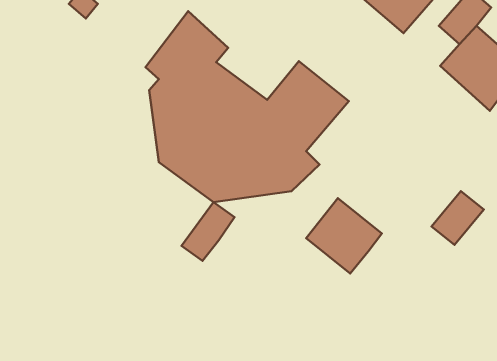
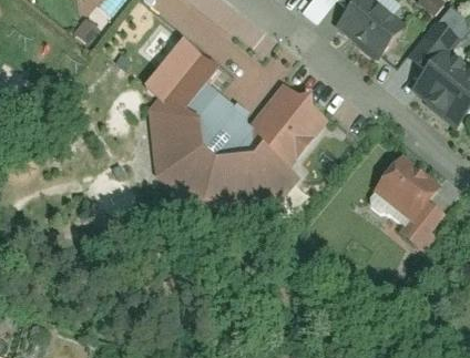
building: [306,198,382,274] -> [375,152,443,221]
building: [182,202,235,261] -> none

